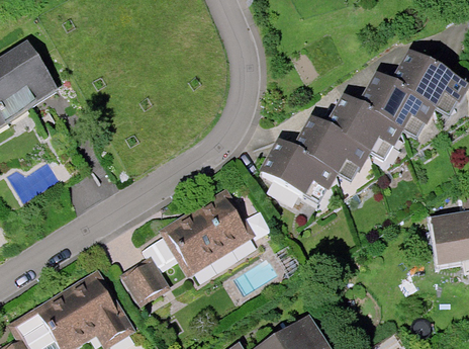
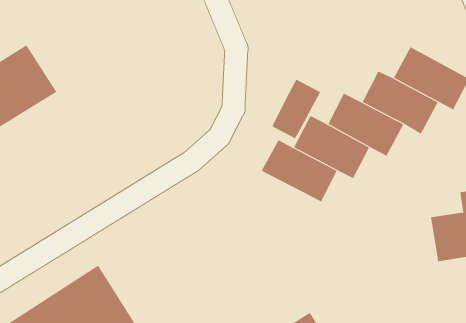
building: none -> [272,79,321,139]
building: [160,188,256,275] -> none
building: [120,255,171,307] -> none

